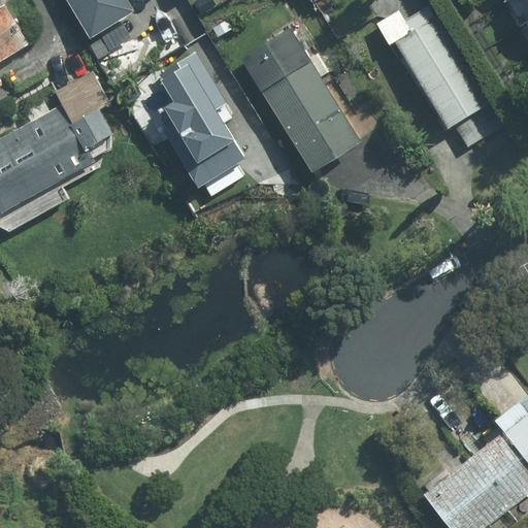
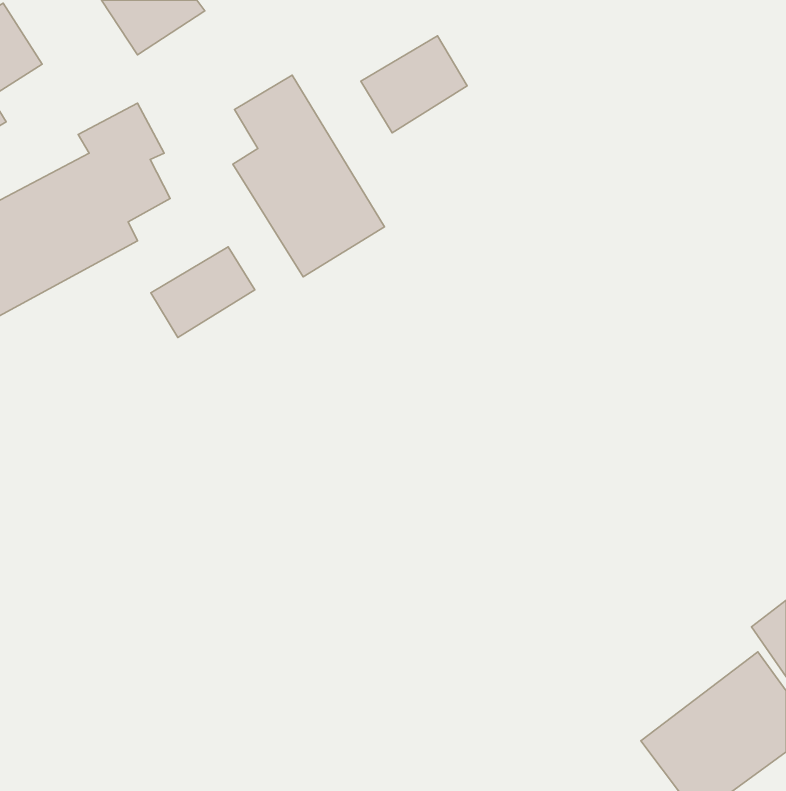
building: [373,11,497,131] -> none
building: [264,66,362,173] -> none
building: none -> [151,247,255,337]

